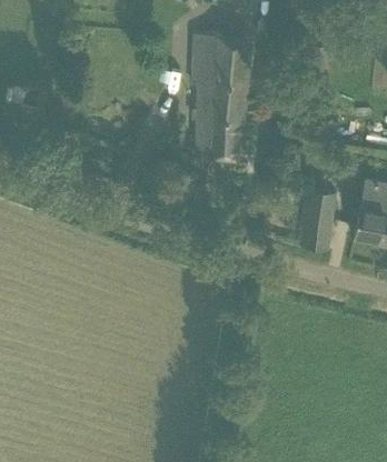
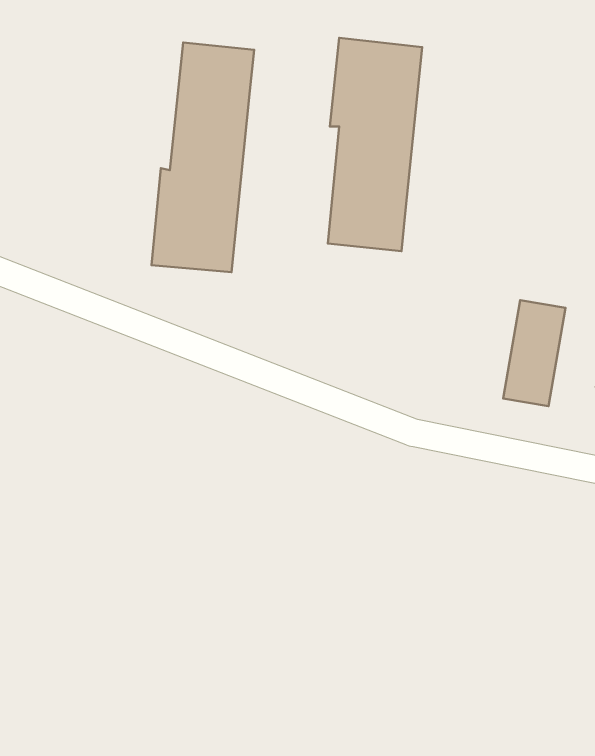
building: none -> [151,43,254,272]

